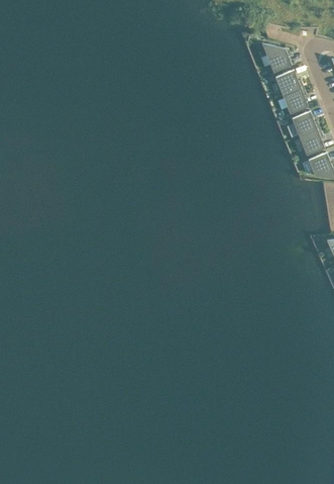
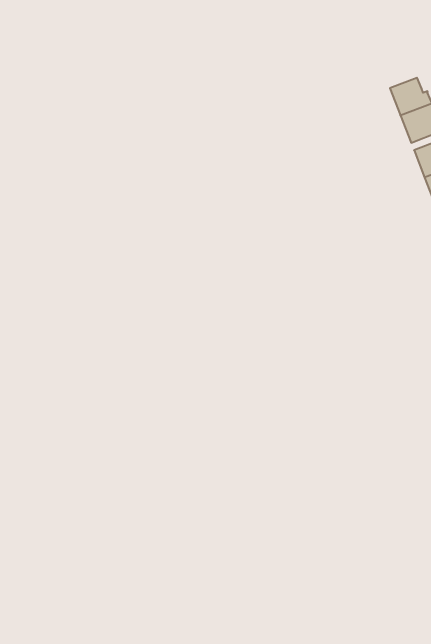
building: [260,43,291,73] -> none

